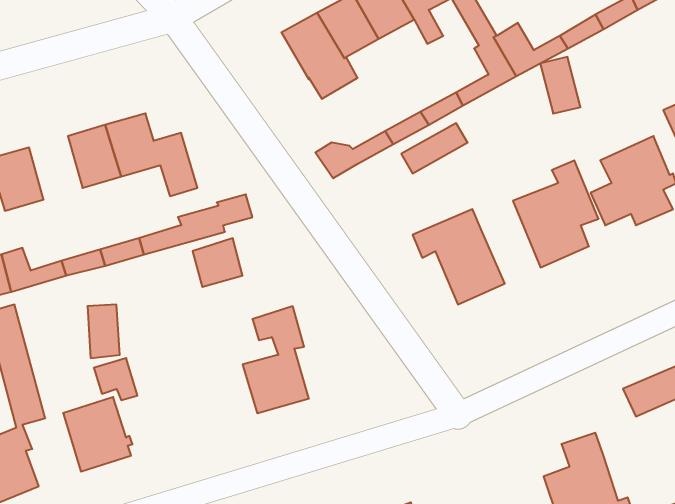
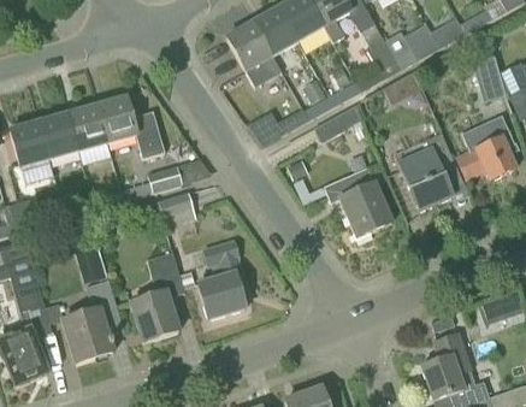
building: [540,57,581,114] -> [474,55,504,98]
building: none -> [37,113,77,160]
building: none -> [129,250,184,344]

